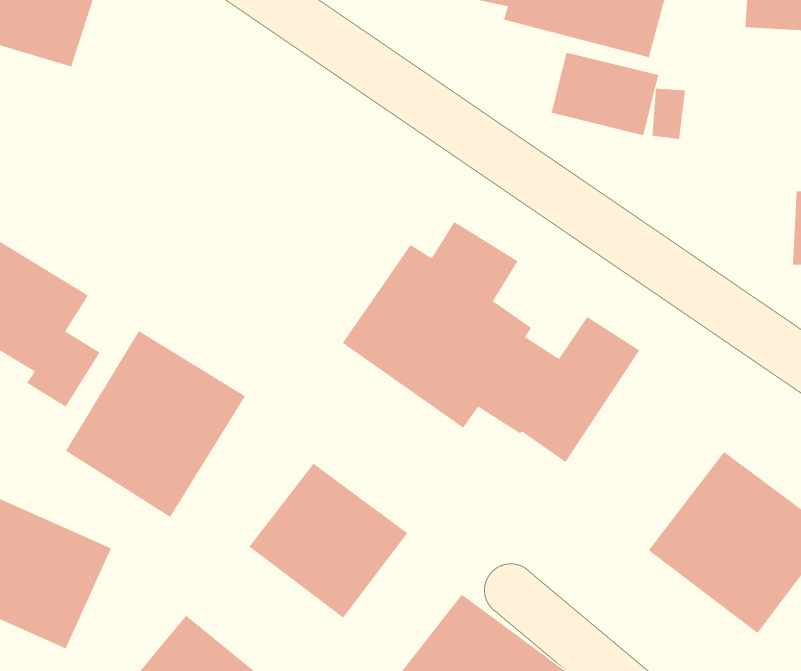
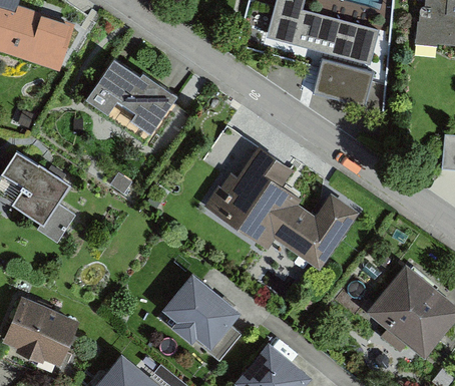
building: none -> [83,58,176,144]
building: [65,330,246,518] -> none

